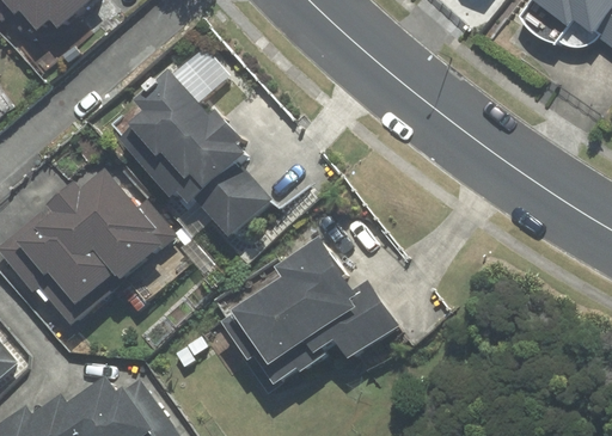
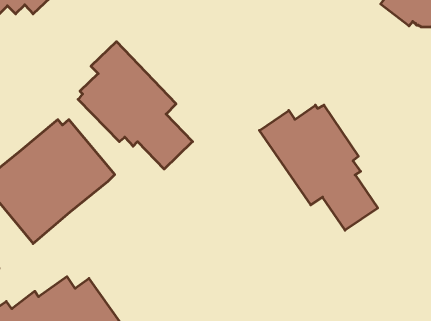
building: none -> [259,105,378,230]
building: [222,235,398,395] -> none

